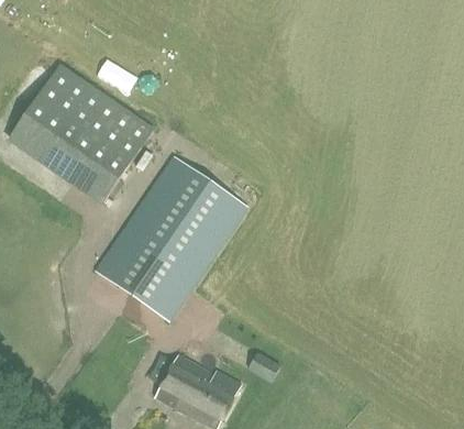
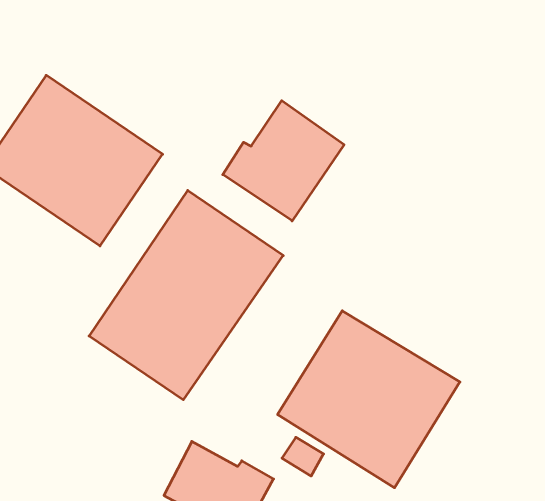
building: none -> [223,101,344,221]
building: none -> [278,311,460,488]

